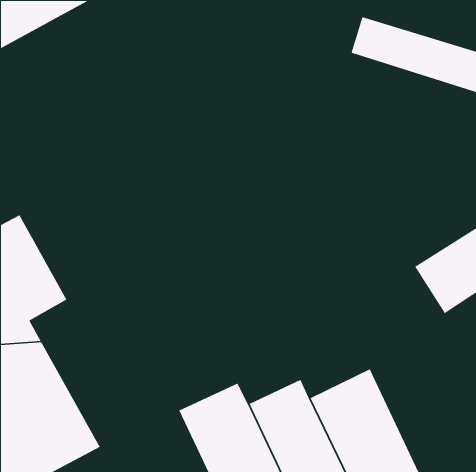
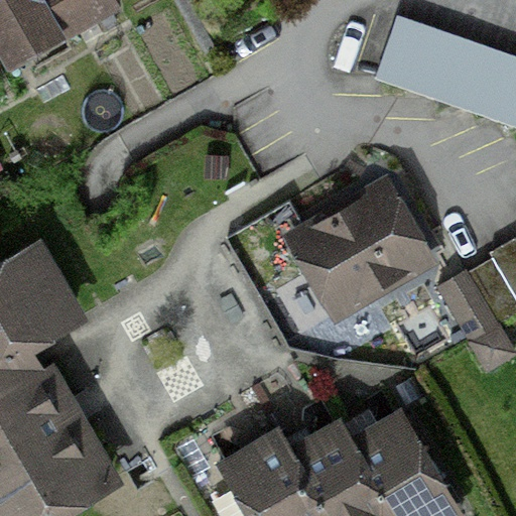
building: none -> [274,174,432,322]

